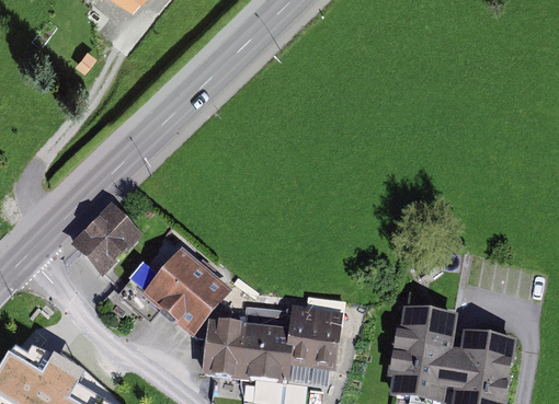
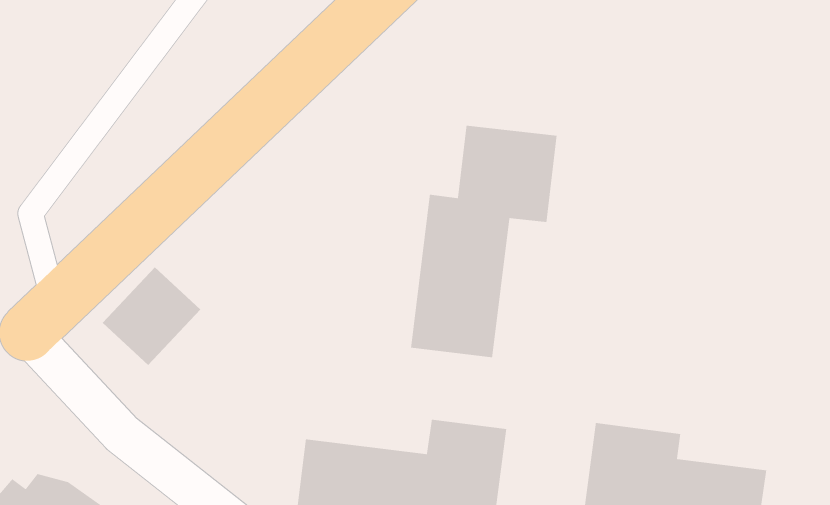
building: none -> [410,125,558,358]
building: [141,245,229,331] -> none

